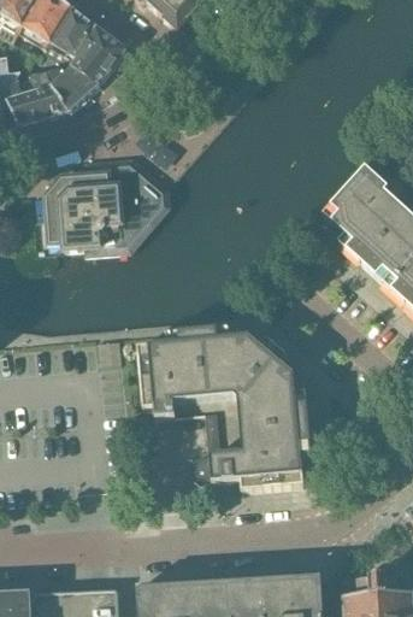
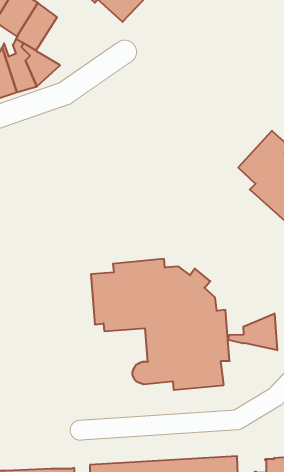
building: [70,24,126,84] -> none
building: [47,164,165,254] -> none
building: none -> [228,313,277,350]

